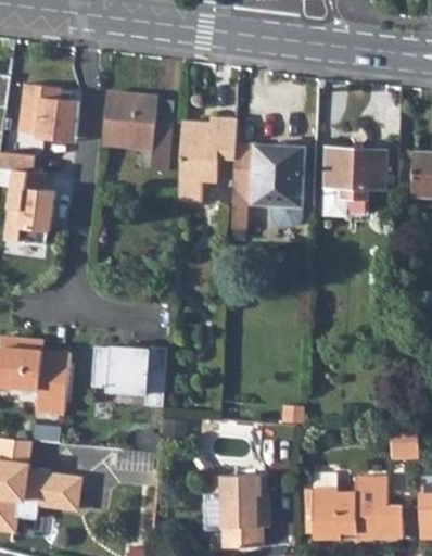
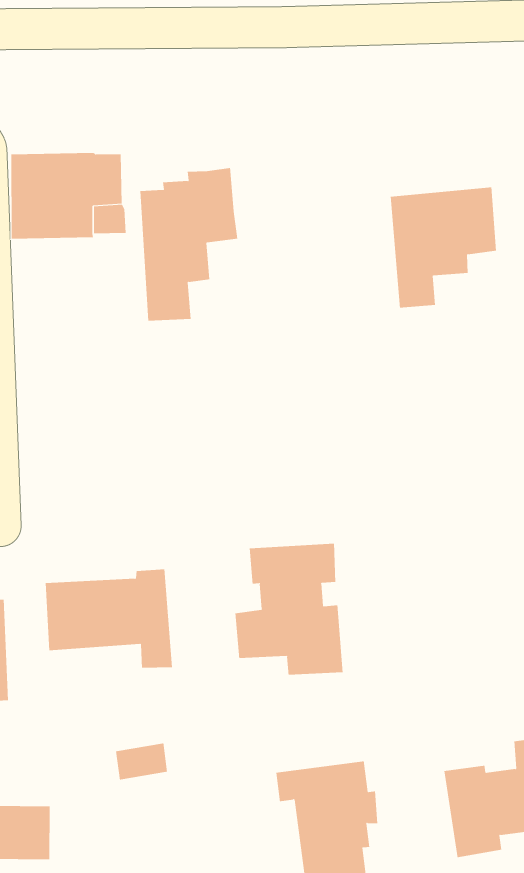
building: [231,144,303,224] -> none
building: none -> [235,543,343,676]

